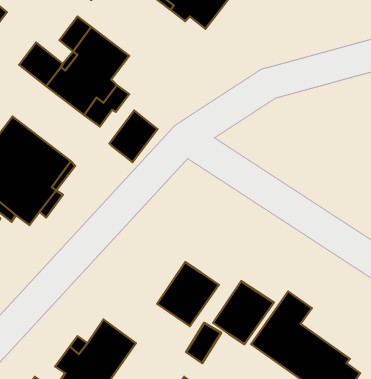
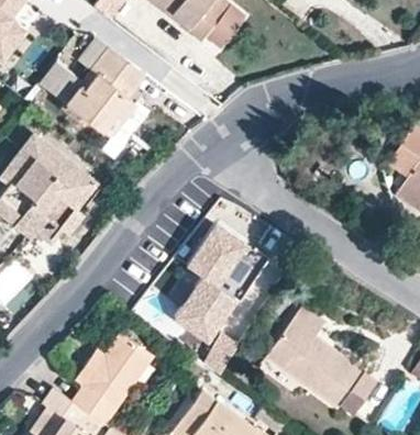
building: [109,111,157,162] -> none
building: [213,281,274,344] -> [187,225,246,287]

